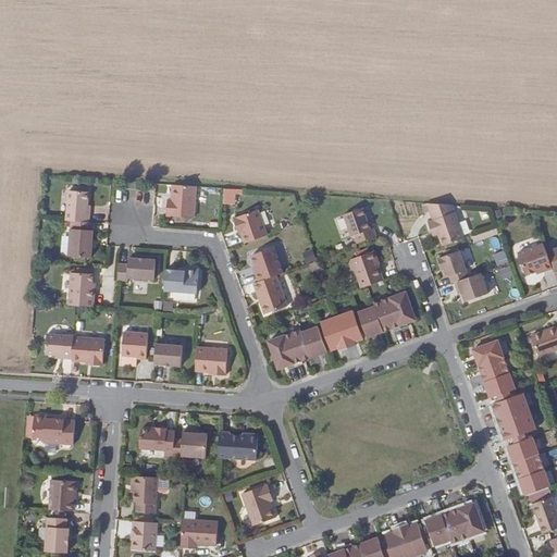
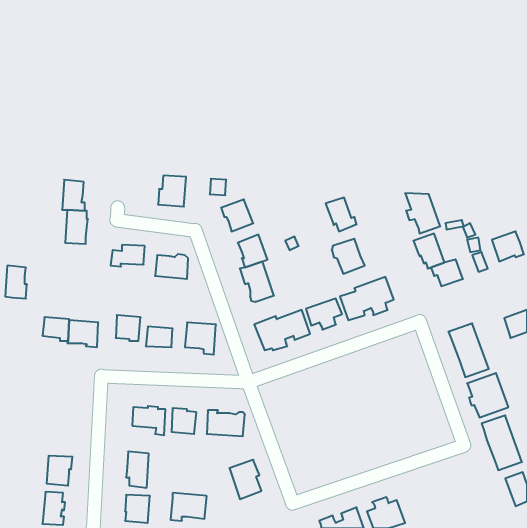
building: [67,272,90,307] -> [5,266,27,299]
building: [33,416,75,445] -> none
building: [423,499,485,548] -> none

